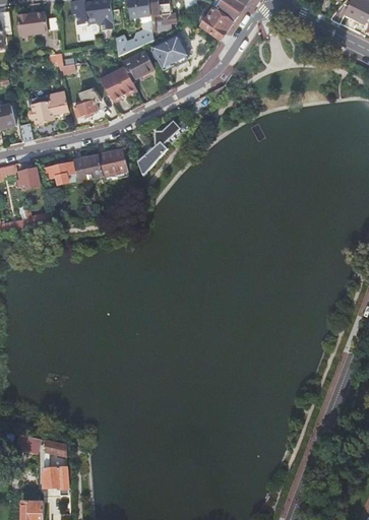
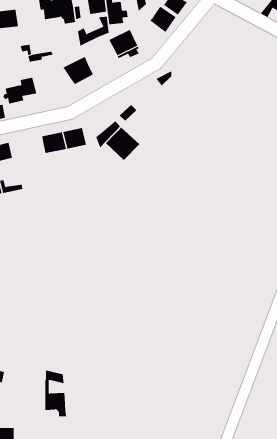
building: [122,52,152,80] -> none
building: [72,88,100,117] -> none
building: none -> [105,127,140,161]
building: [44,161,75,184] -> none
building: [42,439,68,494] -> [44,370,67,417]

